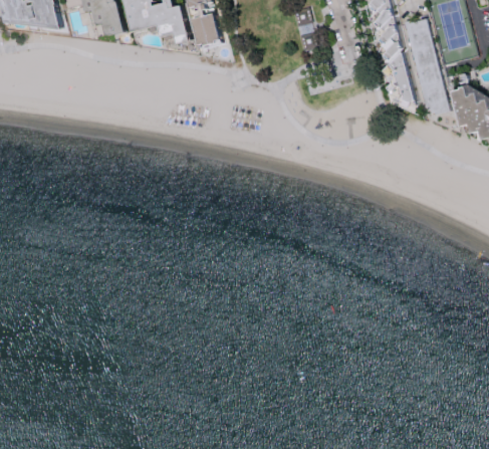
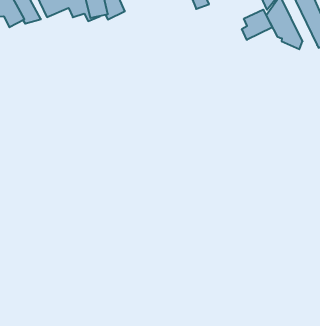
building: none -> [242,10,272,40]

